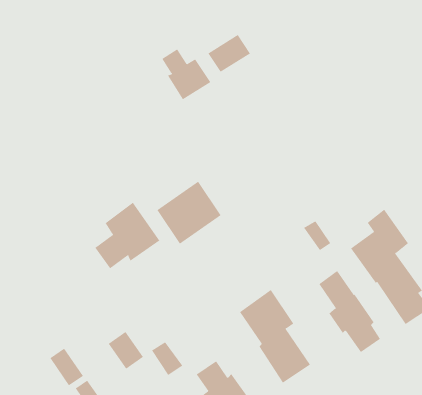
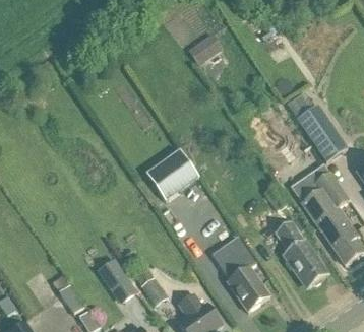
building: [161,48,211,100] -> none
building: none -> [296,103,347,160]
building: [94,202,160,269] -> none

